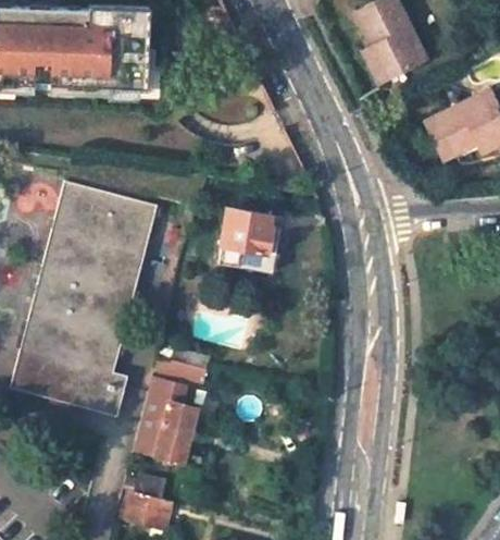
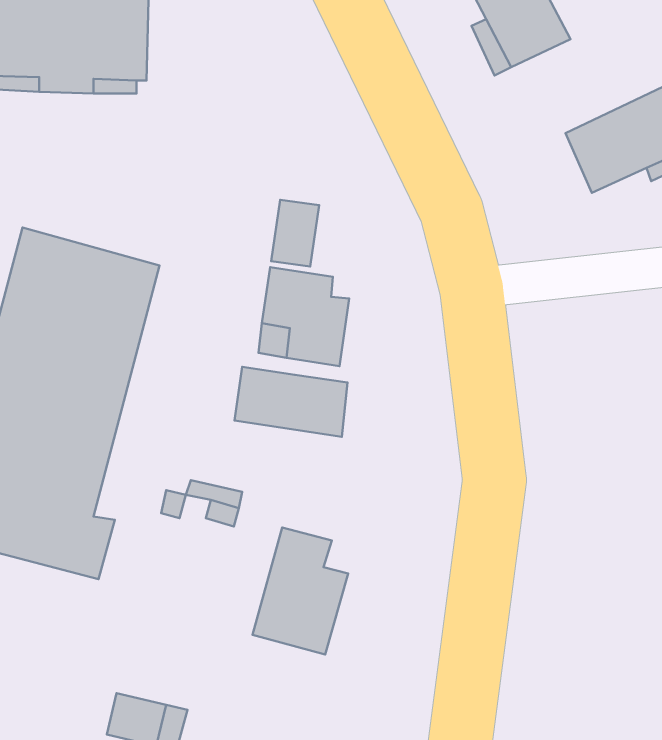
building: none -> [271,200,319,267]
building: none -> [235,367,348,437]
building: [136,378,199,462] -> [253,527,348,655]

